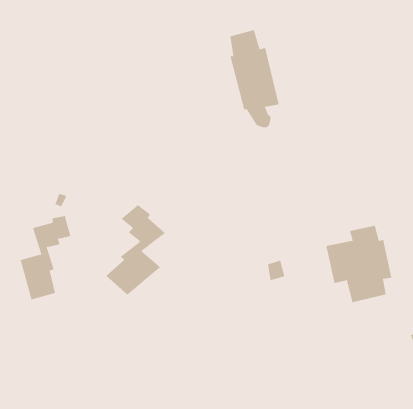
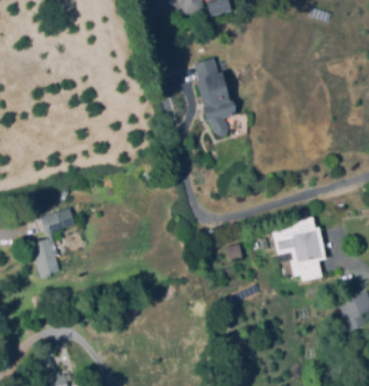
building: [105,204,166,295] -> none

